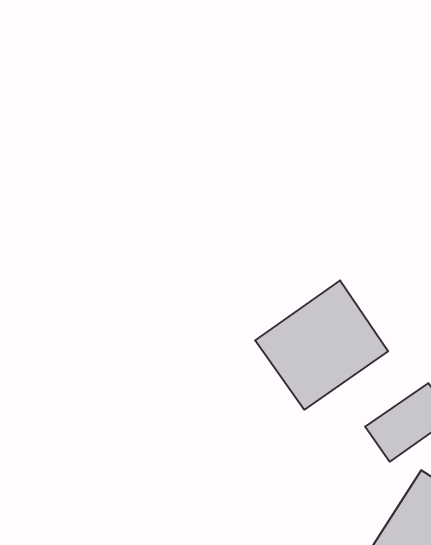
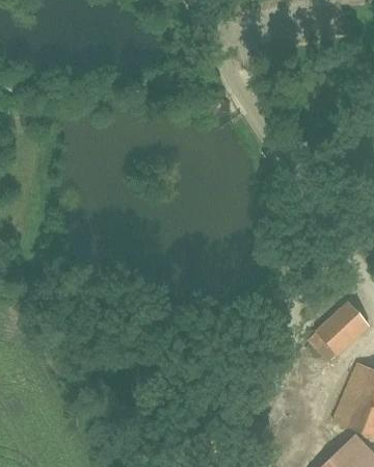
building: [255,280,388,410] -> none

